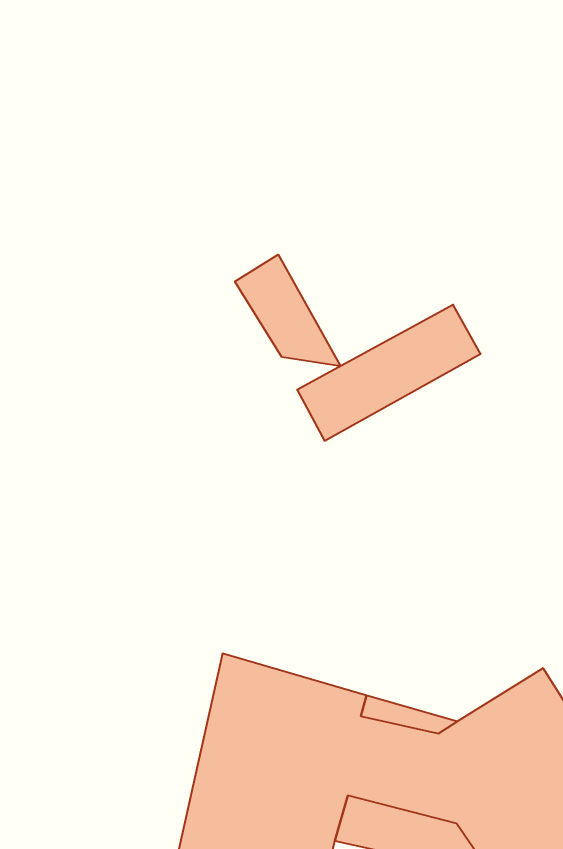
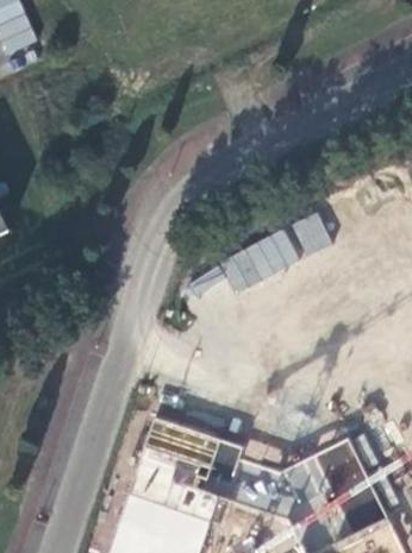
building: [235,255,340,366] -> none

